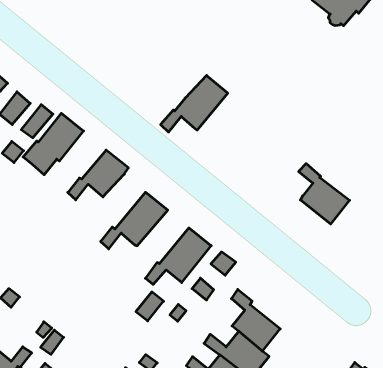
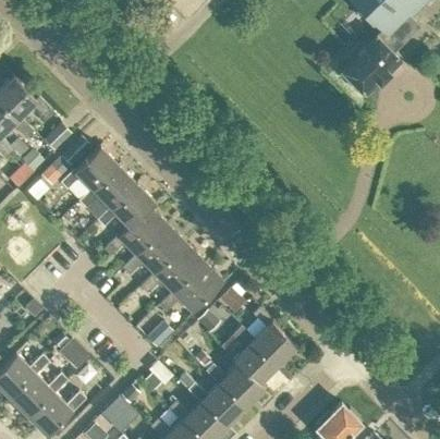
building: [161,75,228,132] -> [103,208,168,257]
building: none -> [77,164,136,208]
building: [299,164,350,224] -> [252,307,296,365]
building: none -> [140,245,204,293]

